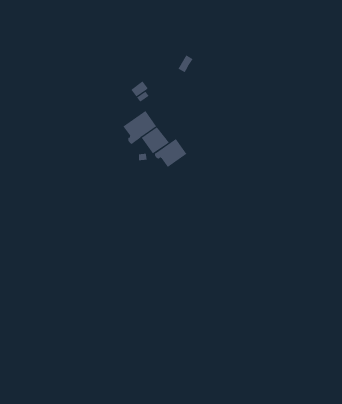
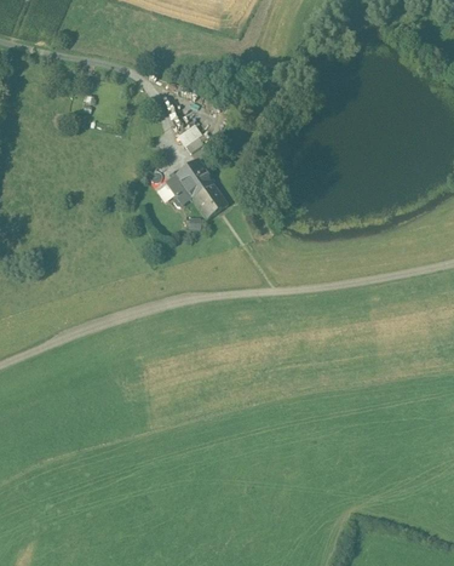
building: [154,138,187,168] -> none

